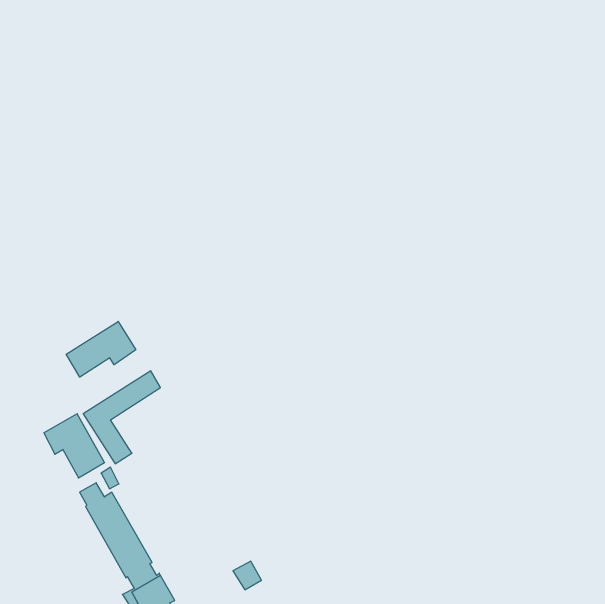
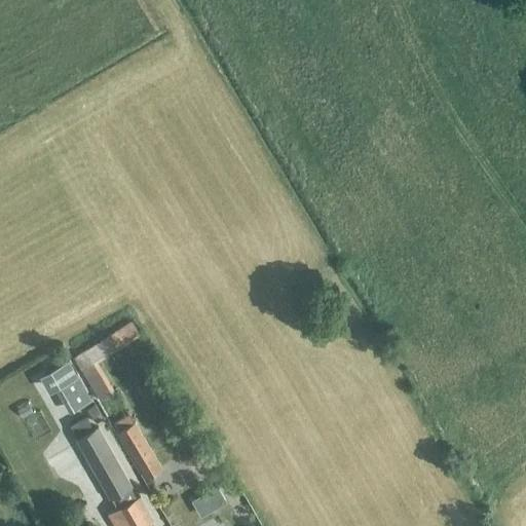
building: [66,321,136,377] -> none
building: none -> [114,417,163,481]

